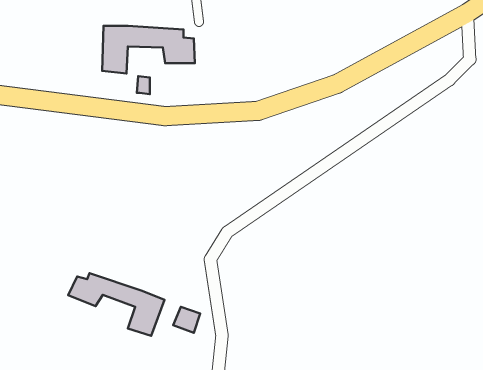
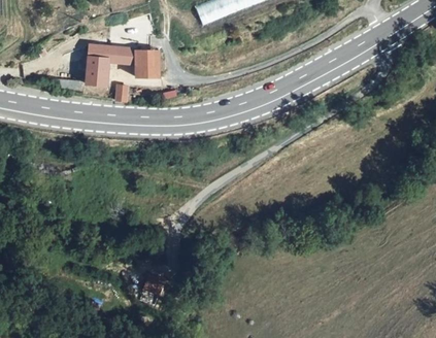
building: [68,273,165,336] -> none

